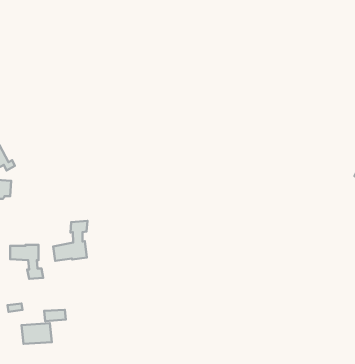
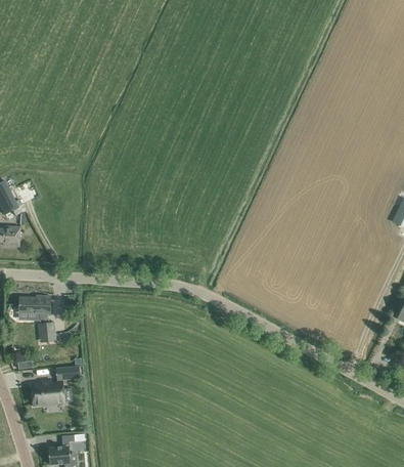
building: [53,221,87,261] -> none

